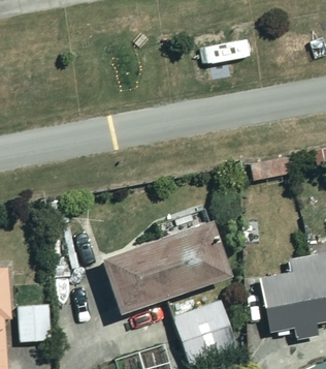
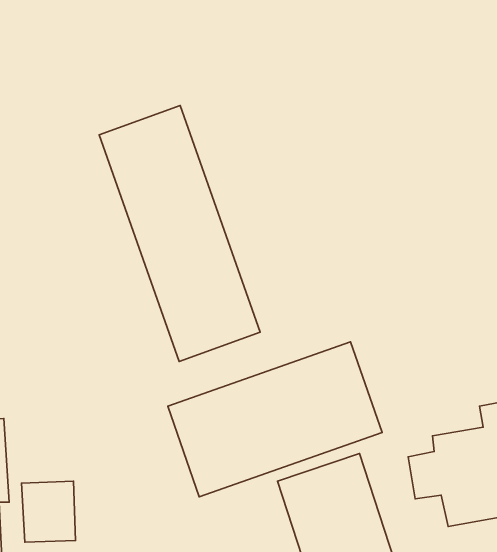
building: none -> [99,106,260,361]

